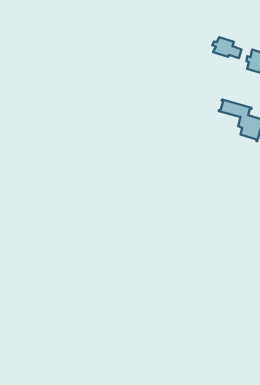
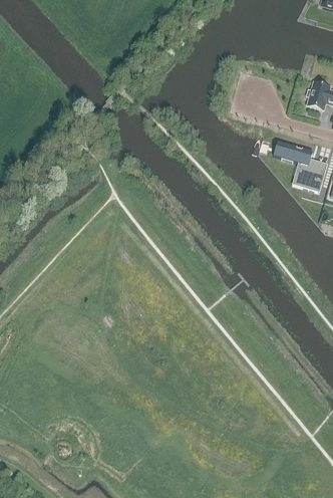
building: [212,37,242,58] -> none

